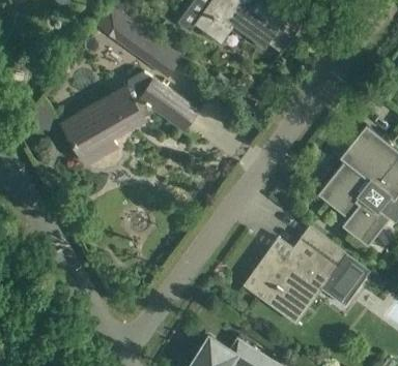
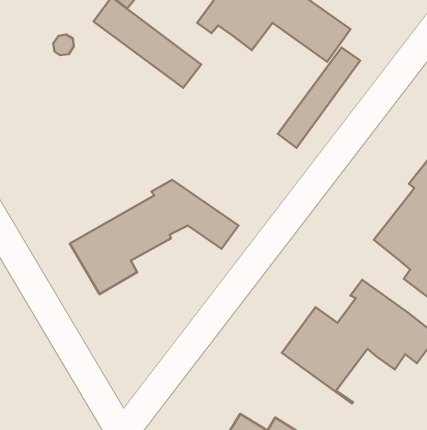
building: none -> [278,48,360,148]
building: [62,73,197,164] -> [70,180,238,294]

